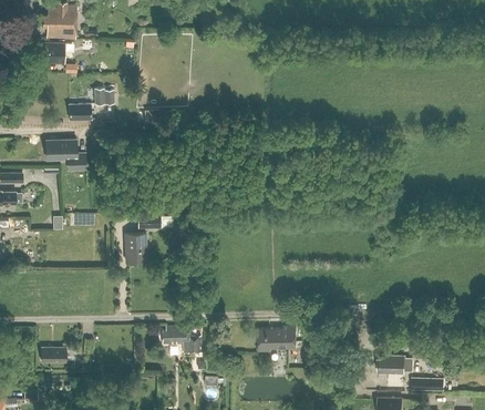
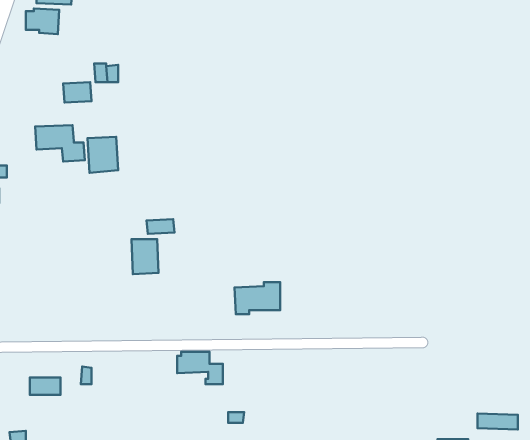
building: none -> [87,137,118,173]
building: [257,325,295,351] -> [234,282,280,314]
building: [376,355,411,373] -> none

